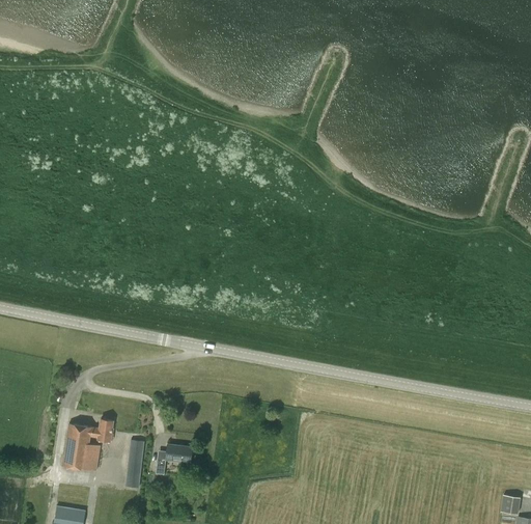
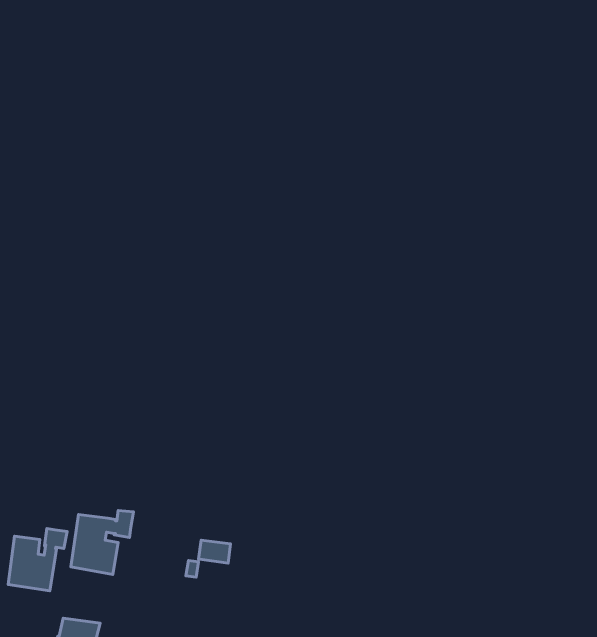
building: none -> [8,528,67,591]
building: [125,439,145,489] -> none

